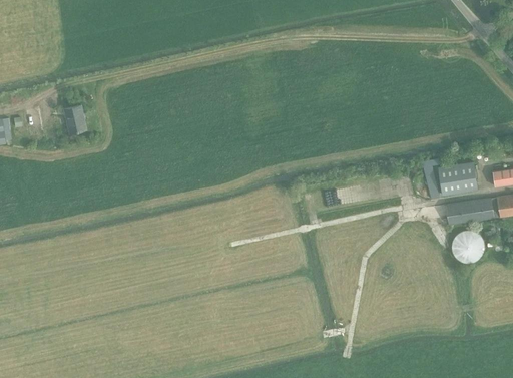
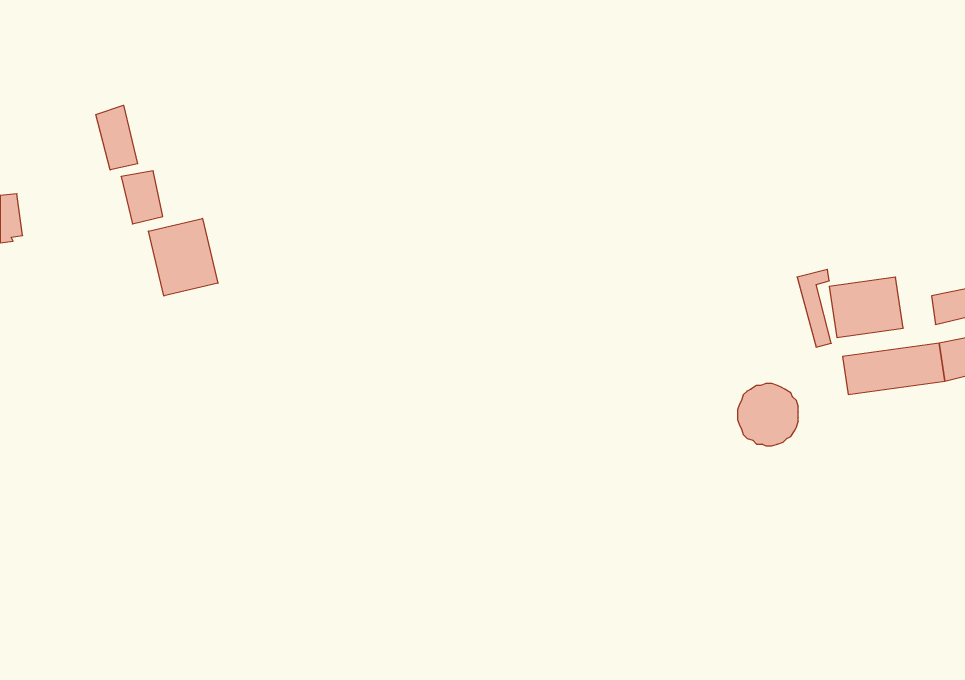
building: none -> [96,105,138,170]
building: none -> [148,218,218,296]
building: [452,230,484,263] -> [738,383,798,446]

